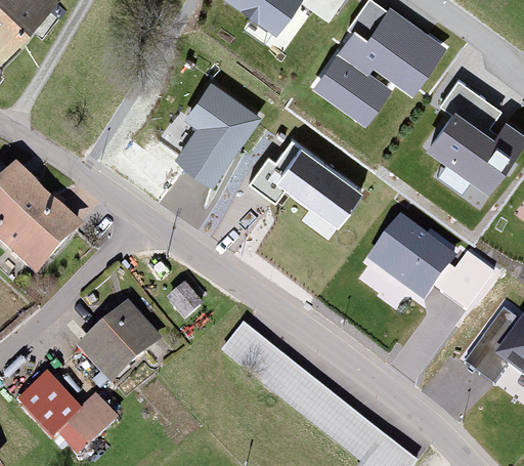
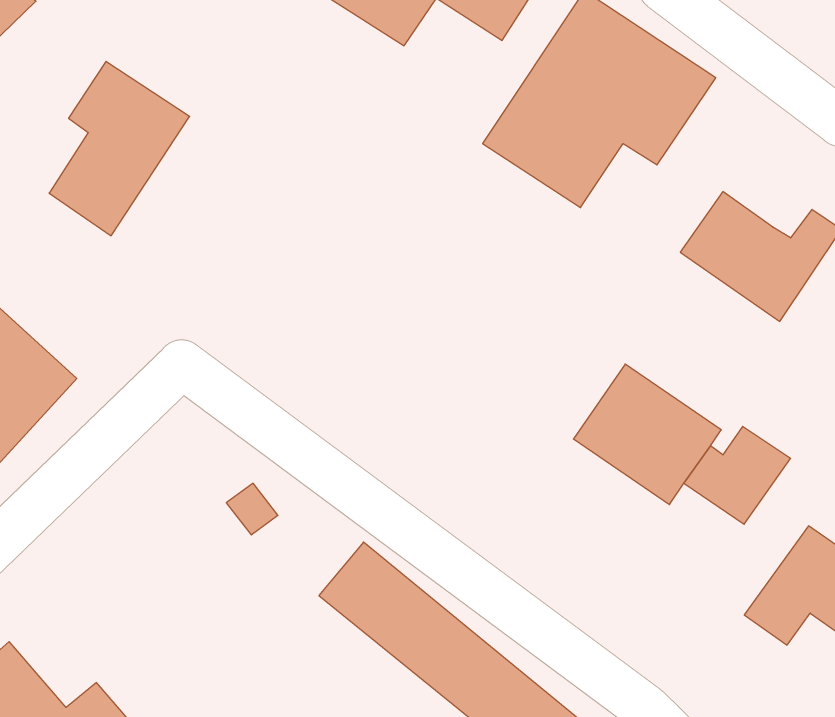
building: [439,82,498,136] -> none
building: [176,85,257,185] -> [49,61,190,236]
building: [248,140,360,228] -> none
building: [77,303,154,379] -> none

